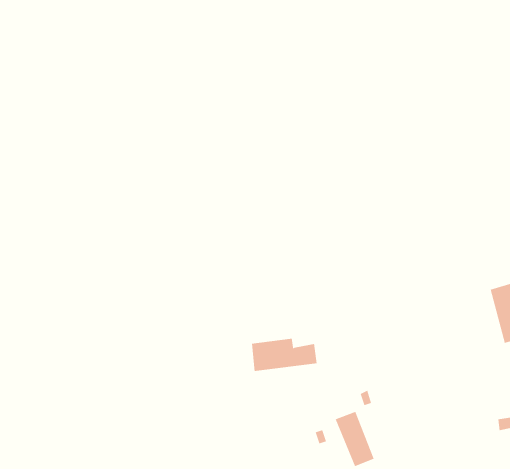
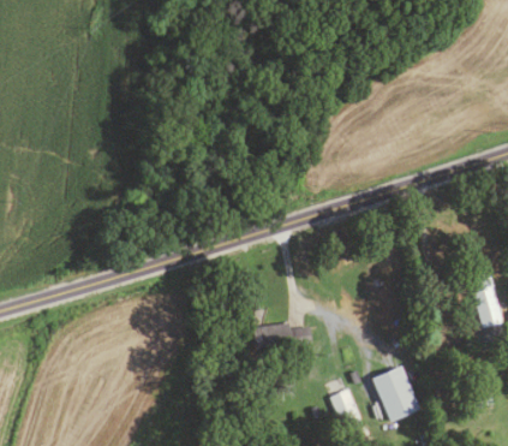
building: none -> [370,364,420,422]

